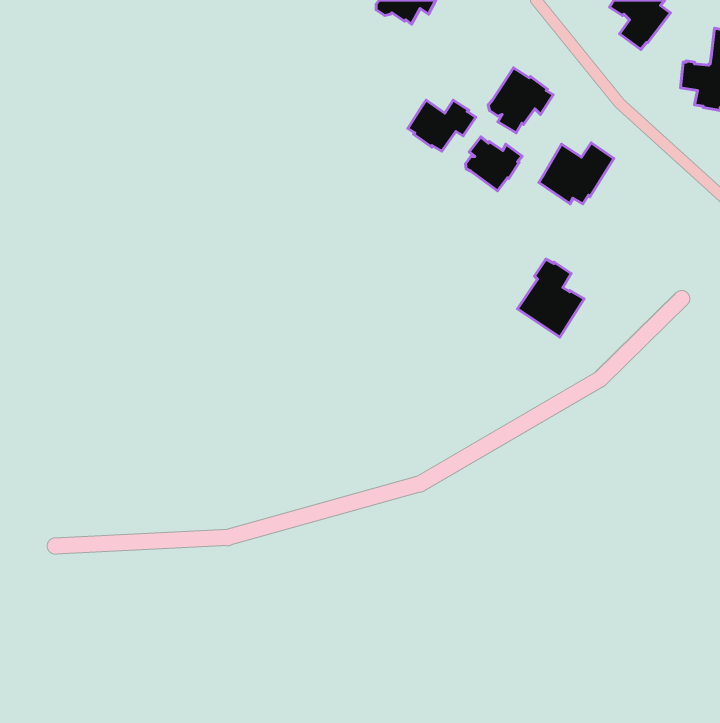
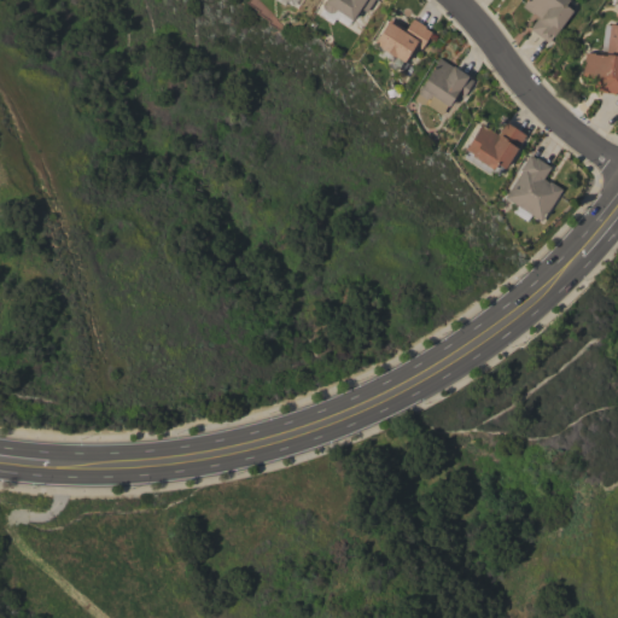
building: [408,100,476,151] -> [375,18,433,62]
building: [466,137,522,191] -> none
building: [518,259,584,337] -> [506,154,562,221]

